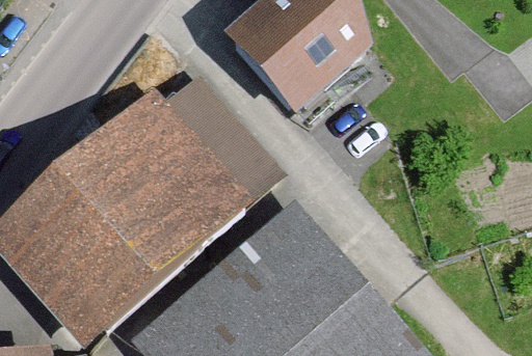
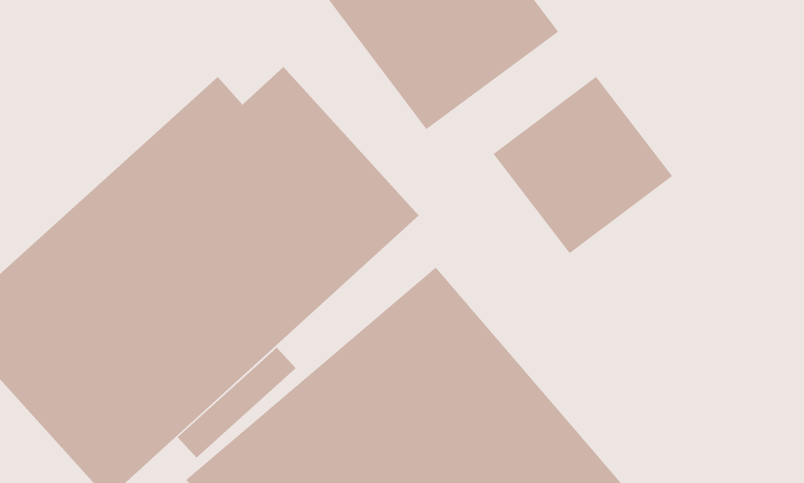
building: none -> [493,76,673,254]

